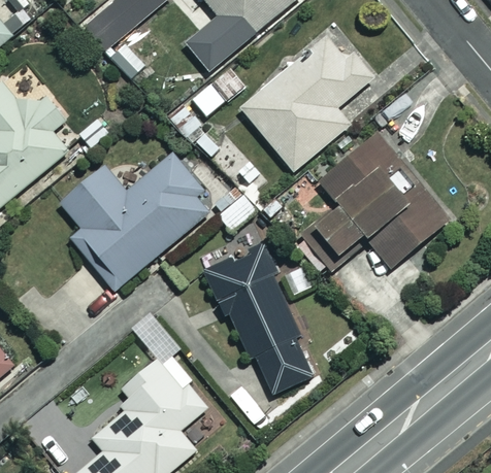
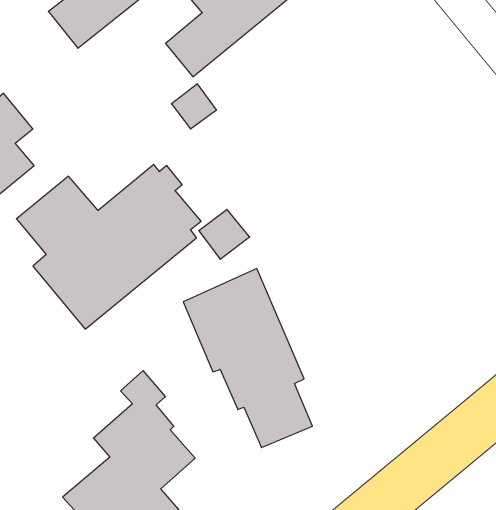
building: [238,27,378,173] -> none
building: [313,132,450,269] -> none

